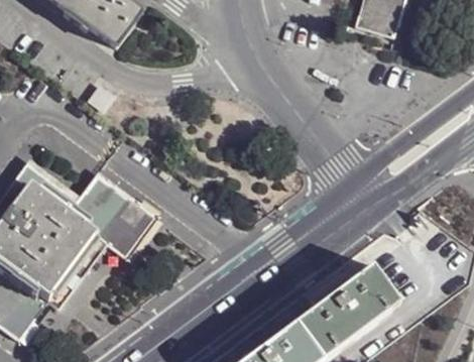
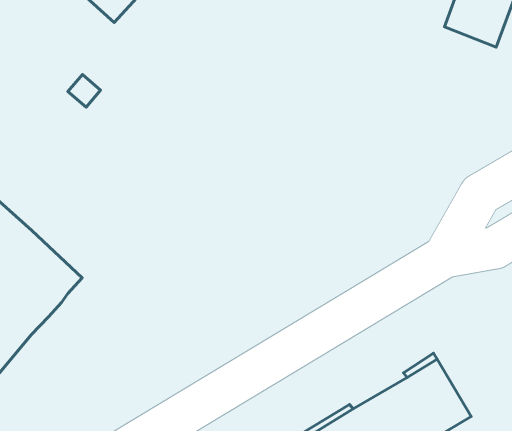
building: [73,170,151,255] -> none

